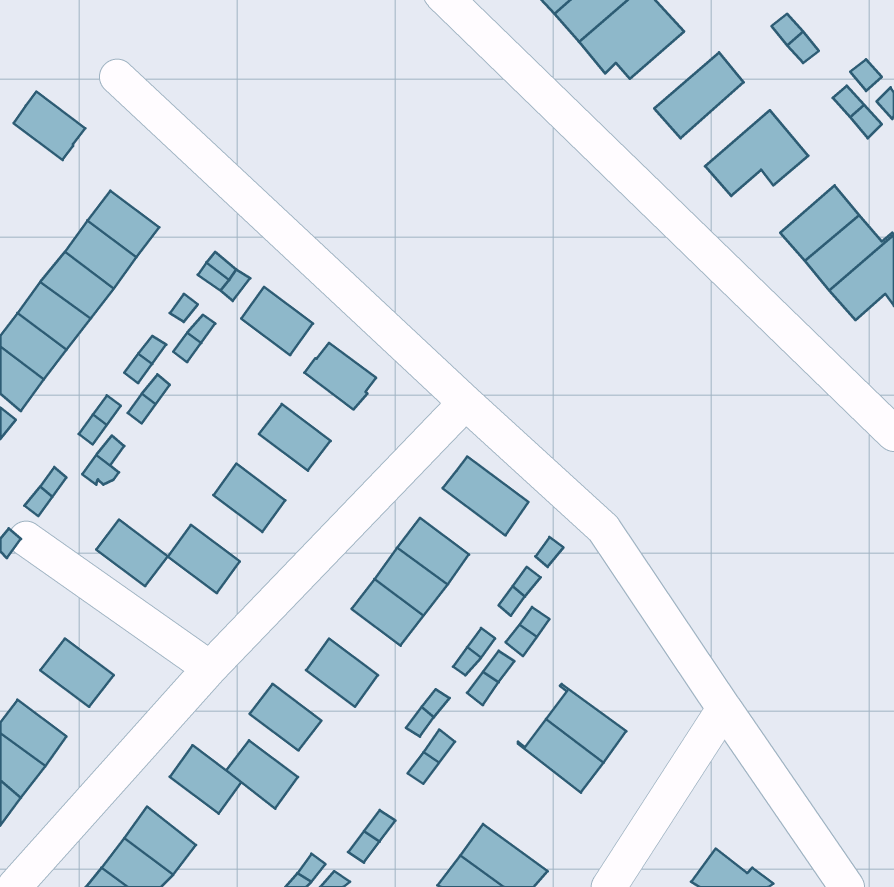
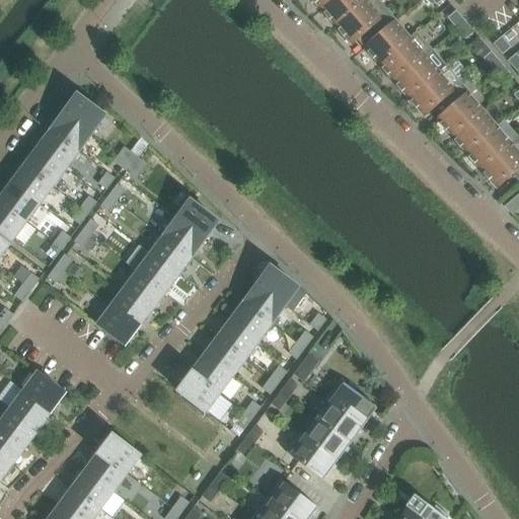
building: none -> [365,18,417,63]
building: none -> [394,48,446,96]
building: [14,92,85,160] -> [64,92,105,132]
building: none -> [437,90,484,135]
building: [241,287,313,355] -> [163,216,205,255]
building: none -> [137,251,178,290]
building: none -> [243,283,285,321]
building: [96,520,168,586] -> [110,287,152,325]
building: none -> [325,378,377,424]
building: none -> [10,388,52,427]
building: [250,684,321,750] -> [191,353,232,391]
building: [226,740,298,809] -> [85,450,127,490]
building: none -> [286,431,337,477]

